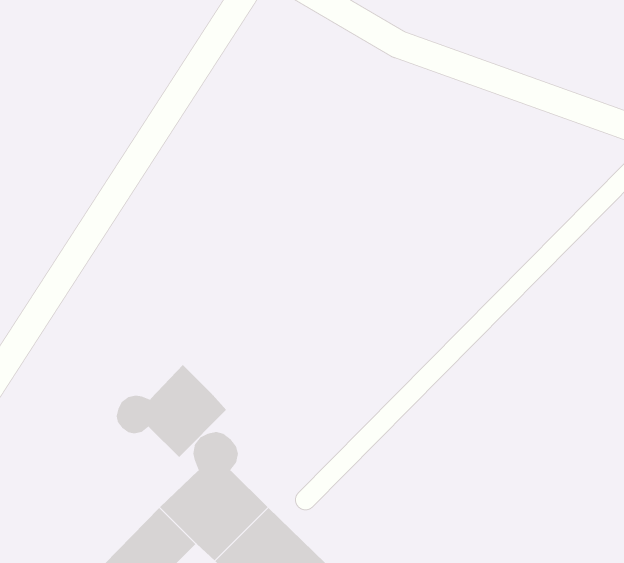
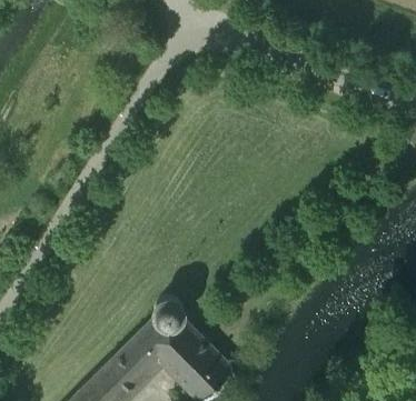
building: [116,364,227,458] -> none

